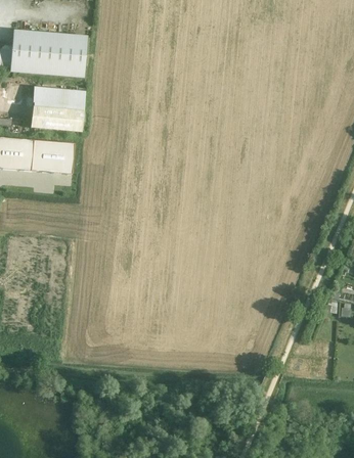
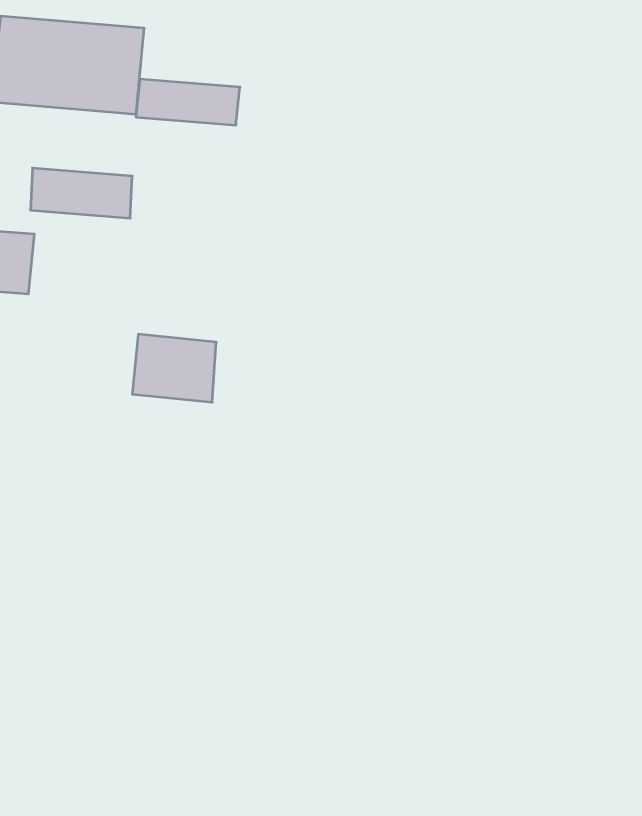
building: [33,87,86,110] -> [136,79,240,125]
building: [31,140,74,175] -> [132,334,216,402]

